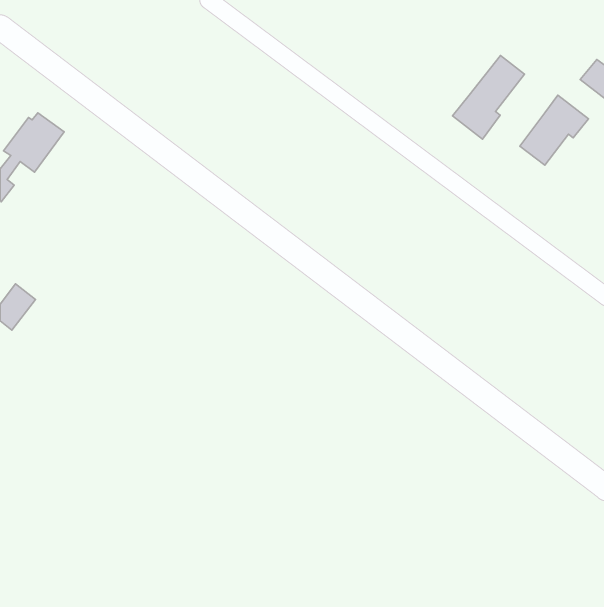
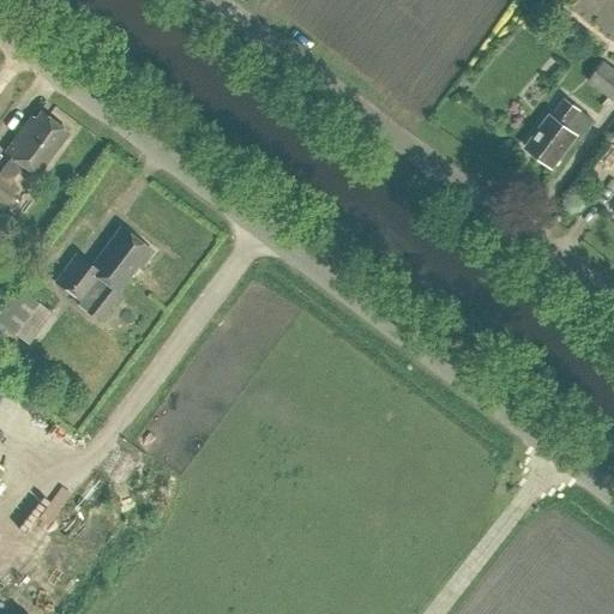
building: [453,55,524,139] -> none
building: none -> [55,227,152,320]

